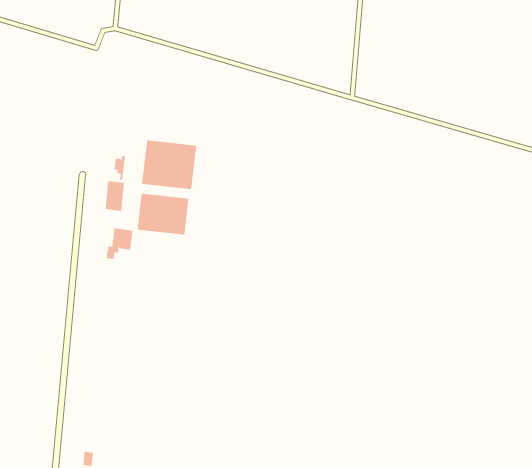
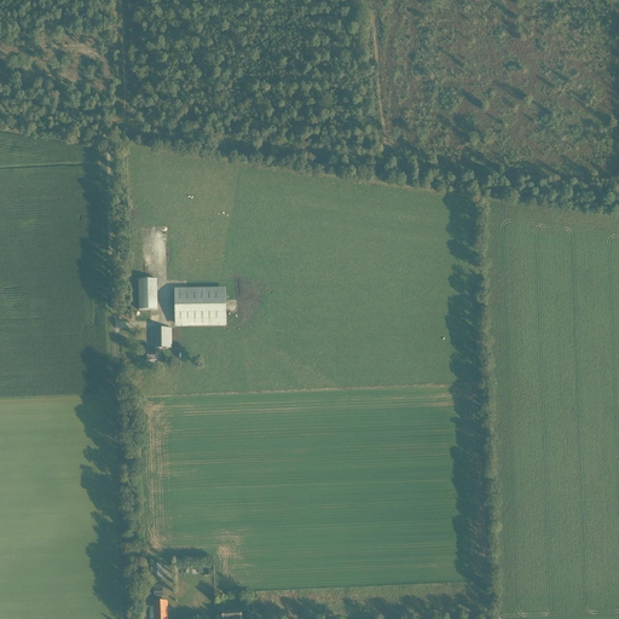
building: [142,139,197,190] -> none

